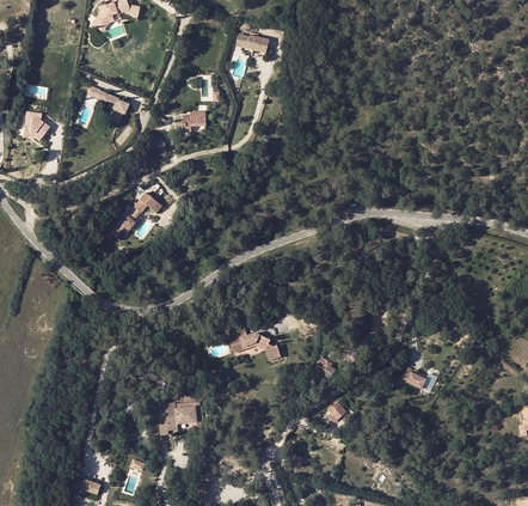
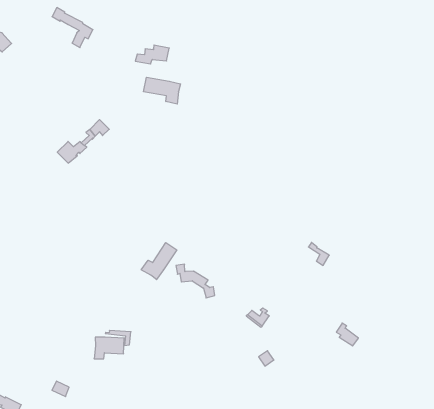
building: none -> [144,77,181,104]
building: none -> [141,243,177,280]

